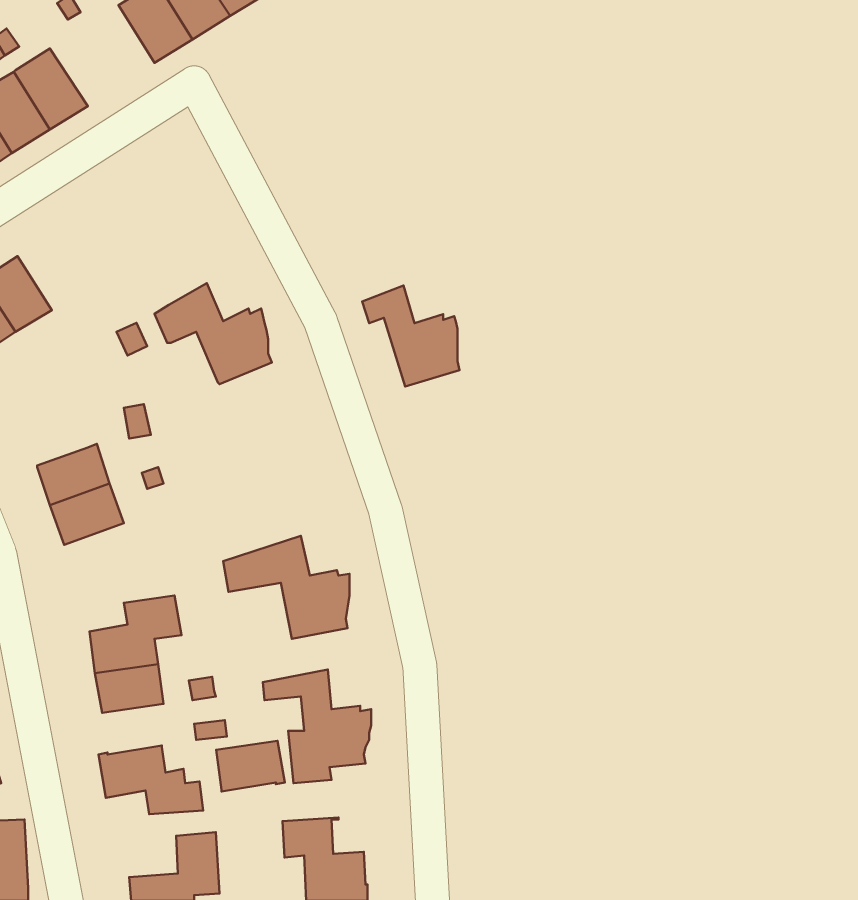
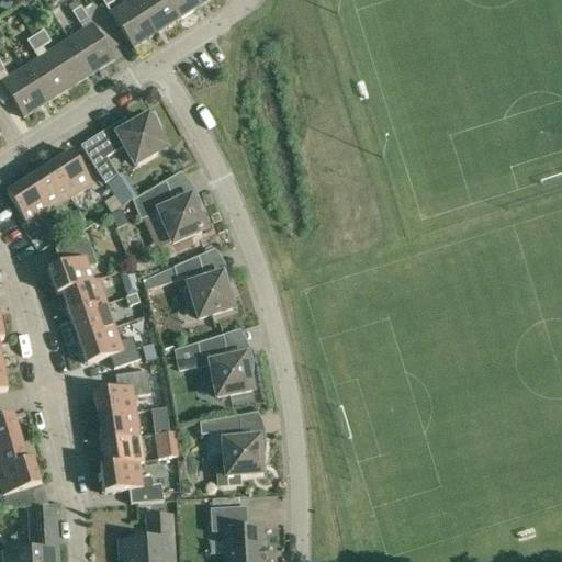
building: none -> [69,22,114,71]
building: none -> [80,111,165,181]
building: none -> [49,149,91,195]
building: [362,285,459,387] -> [172,255,232,316]
building: none -> [47,234,95,293]
building: none -> [78,325,139,367]
building: [216,741,285,791] -> [101,435,143,465]

